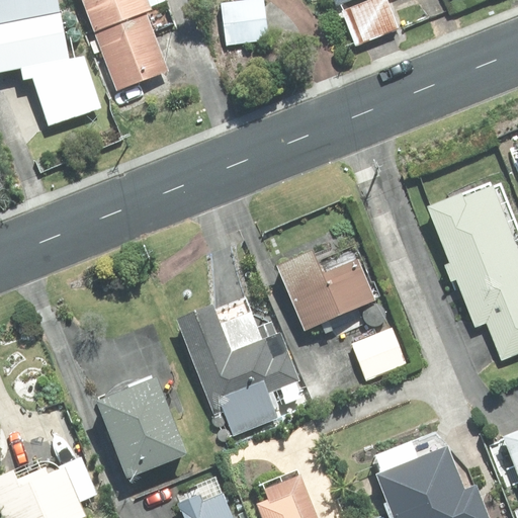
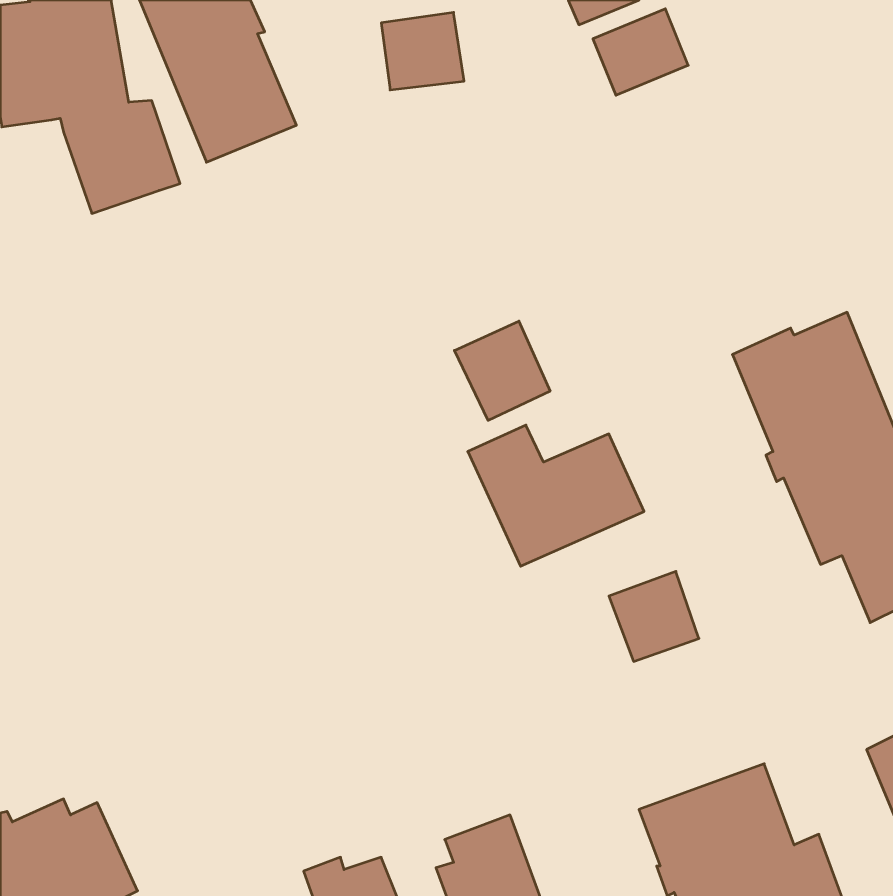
building: none -> [454,321,550,420]
building: [175,296,304,438] -> none
building: [89,368,181,473] -> none

